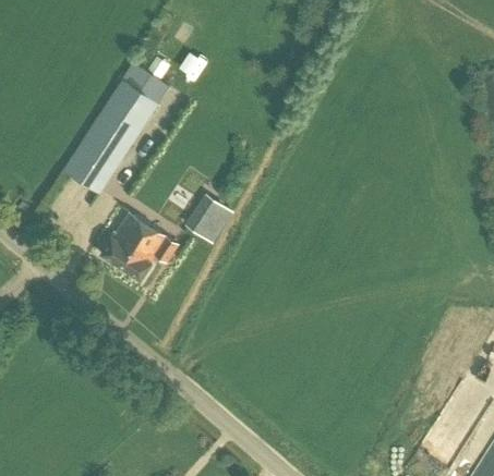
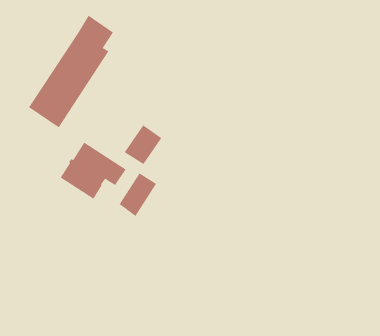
building: none -> [119,173,157,217]

